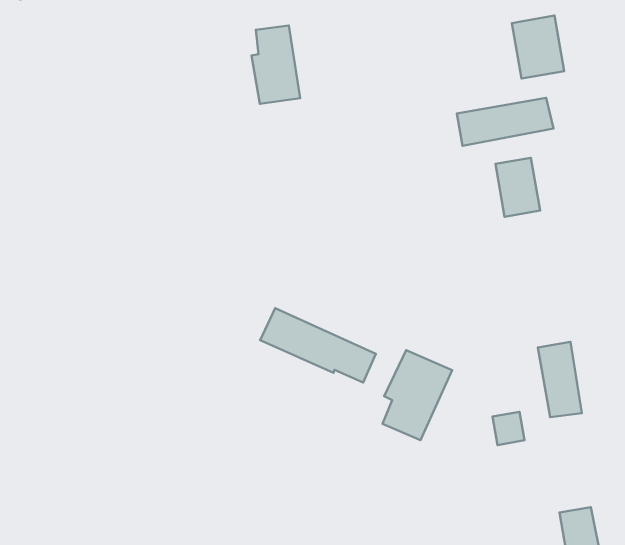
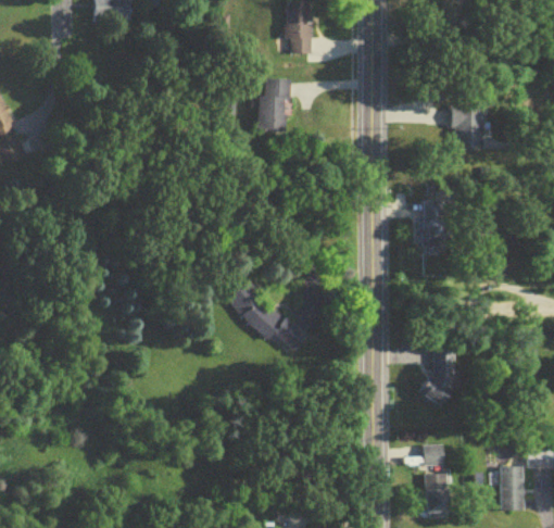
building: [457,98,553,146] -> none
building: [383,350,452,440] -> none
building: [493,412,525,445] -> [423,444,443,466]

